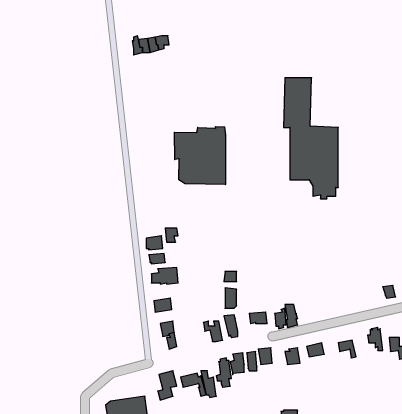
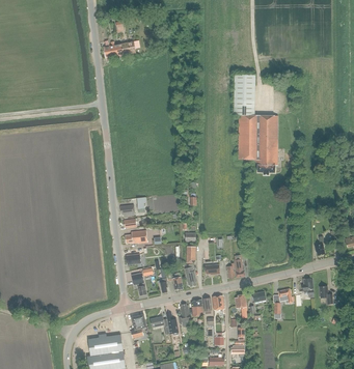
building: [174,127,225,185] -> none

